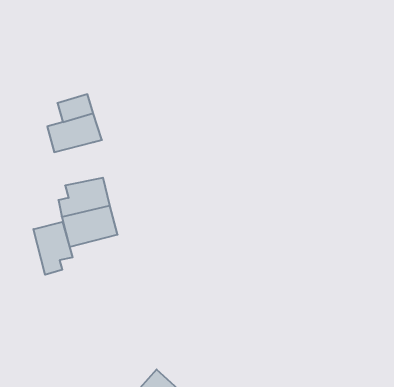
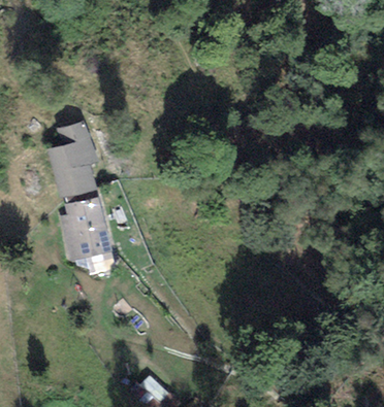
building: none -> [54,165,97,199]
building: [33,222,73,275] -> none

